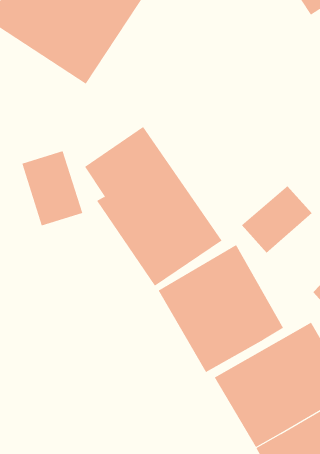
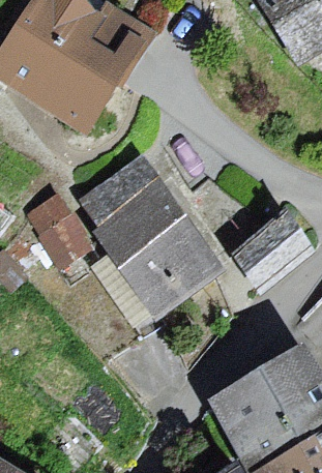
building: [158,244,284,373] -> none

